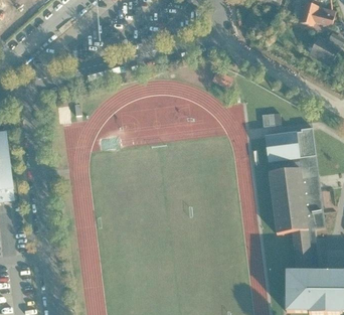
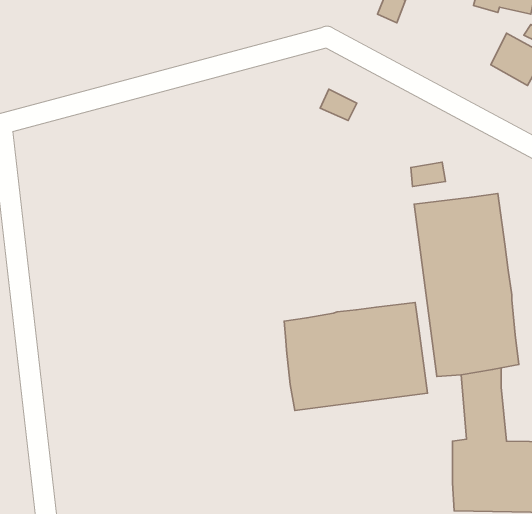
building: none -> [284,302,428,410]

